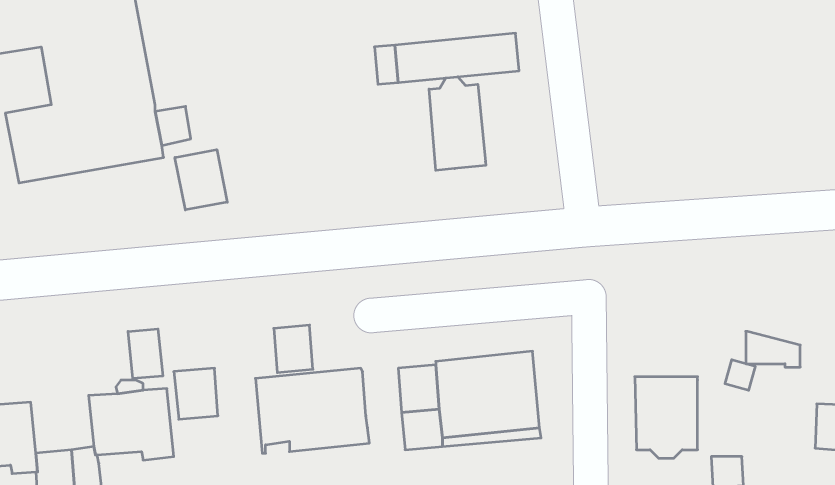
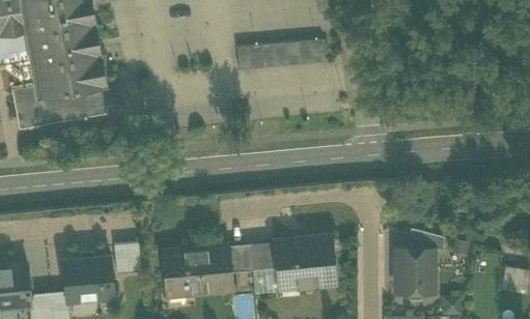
building: [429,77,486,170] -> none
building: [175,150,227,210] -> none
building: [274,325,313,373] -> [228,243,252,272]
building: [128,329,163,379] -> none
building: [746,331,800,367] -> [409,229,442,251]

